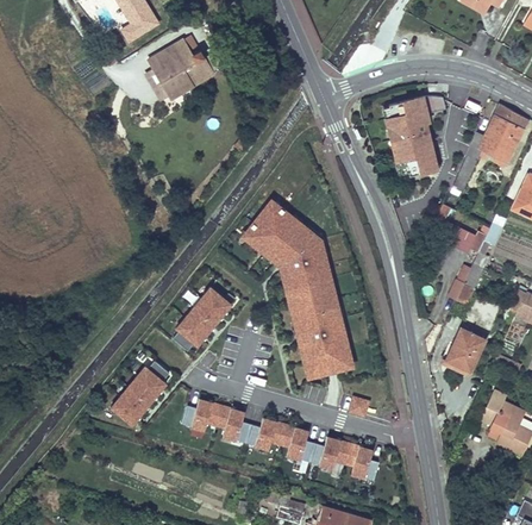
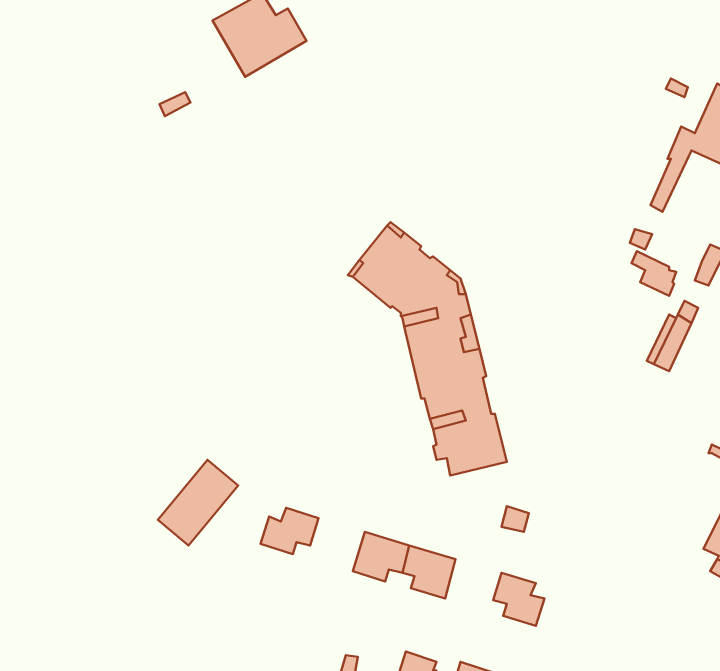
building: [386,96,446,176] -> none
building: [176,287,232,346] -> none
building: [445,329,486,371] -> none
building: [217,406,255,443] -> none
building: [311,435,350,469] -> none

